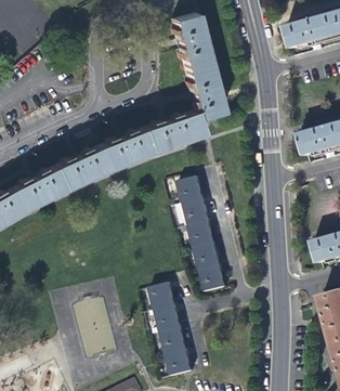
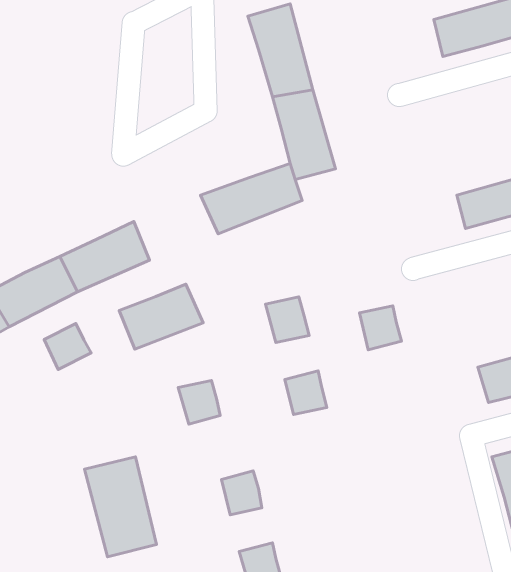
building: [100,132,152,172] -> [119,284,203,349]
building: [176,173,201,199] -> none
building: none -> [44,324,91,370]
building: [187,219,213,246] -> [359,306,402,350]
building: [198,263,224,289] -> none
building: [147,281,173,308] -> [178,380,220,424]
building: [159,325,185,352] -> none

